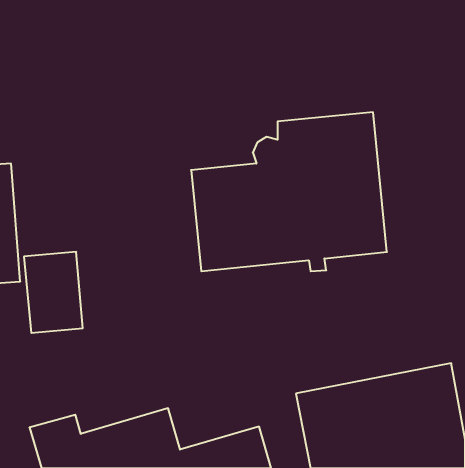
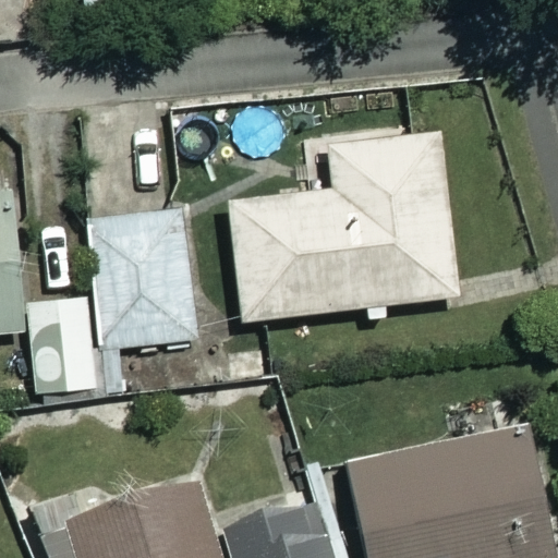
building: none -> [71,209,195,348]

